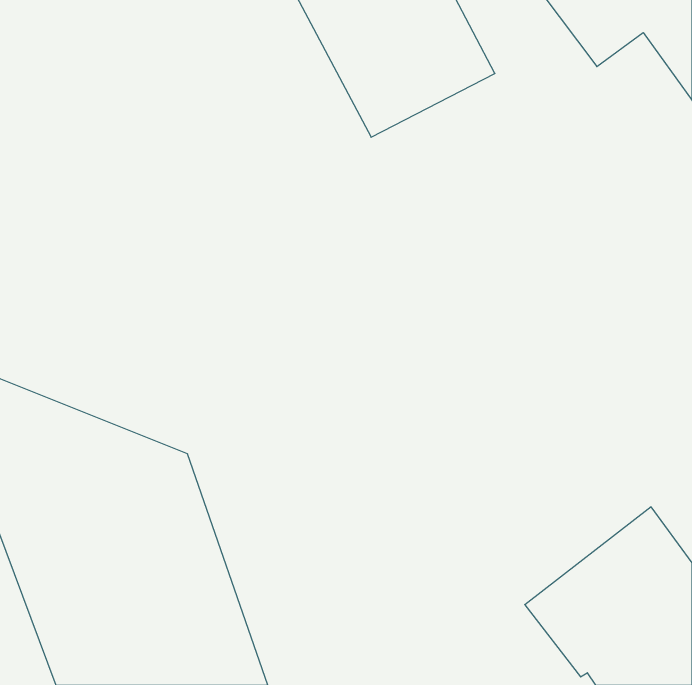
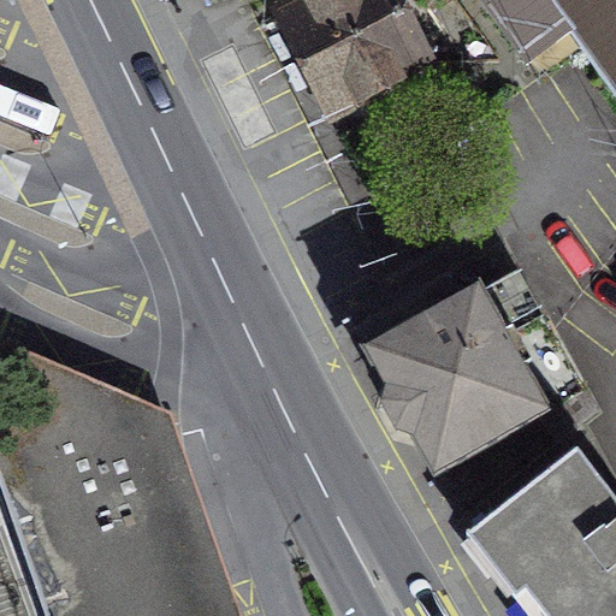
building: none -> [363,266,580,479]

